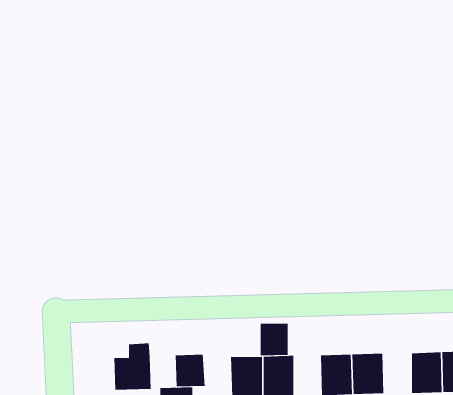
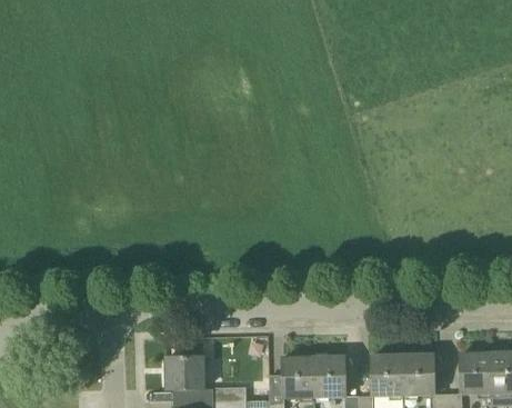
building: [260,323,288,356] -> none
building: [175,354,205,387] -> none

